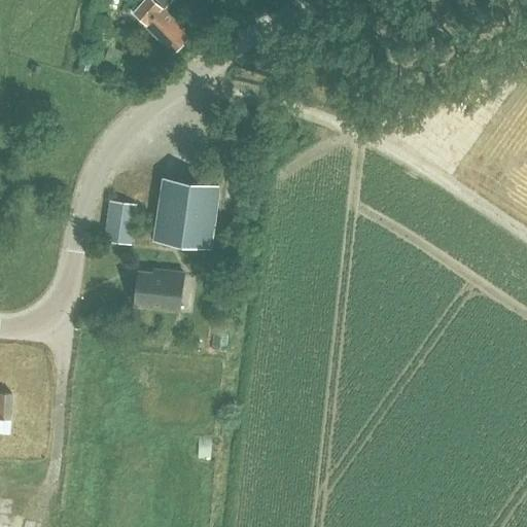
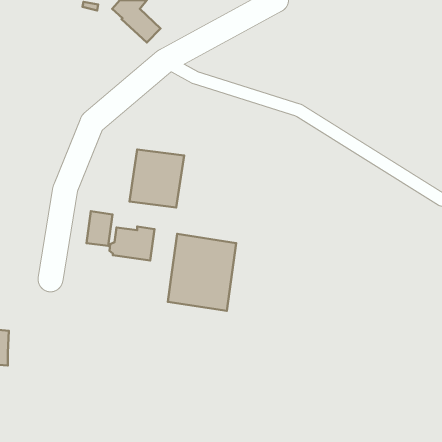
building: [104,202,135,243] -> [86,211,113,246]
building: none -> [168,234,236,311]

